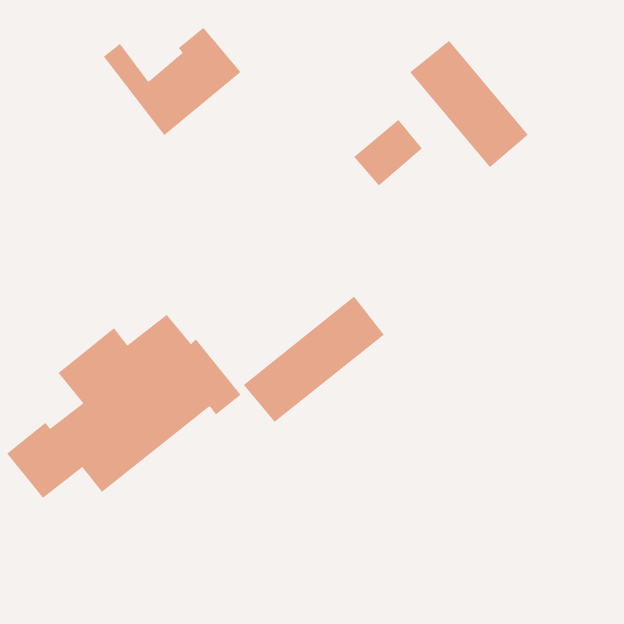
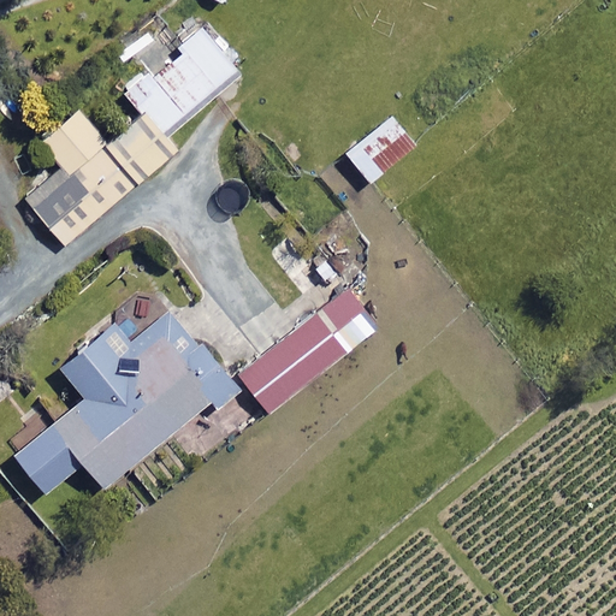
building: [409,40,529,168] -> none
building: none -> [22,109,170,245]

